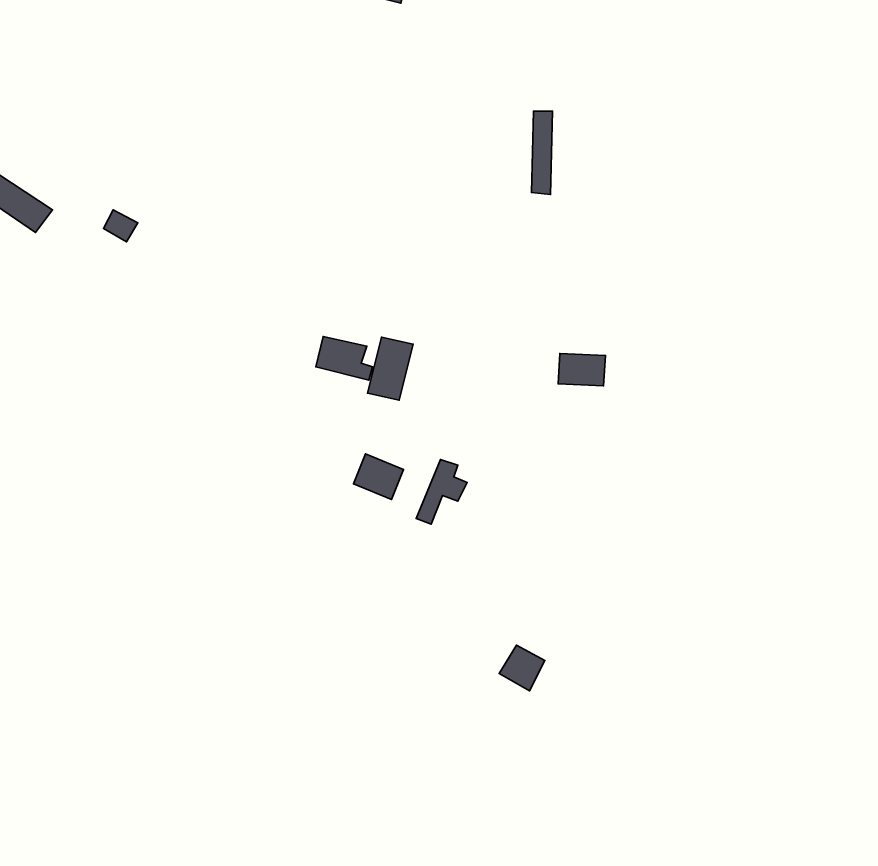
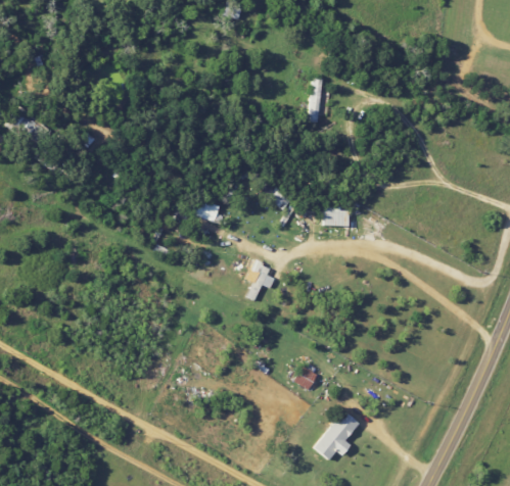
building: [368,337,413,400] -> none
building: [354,454,403,500] -> none
building: none -> [313,411,359,461]

